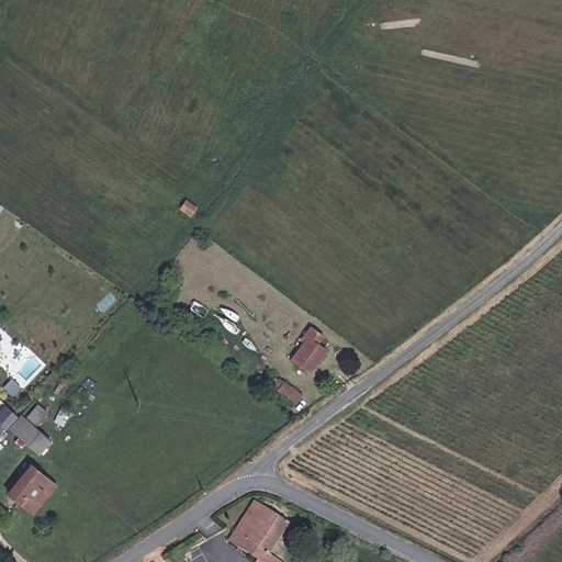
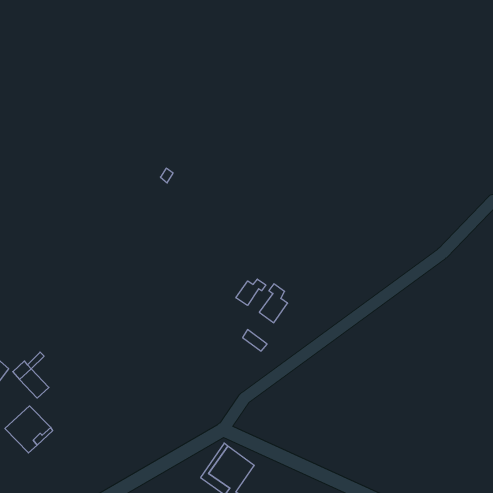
building: none -> [236,279,266,305]

